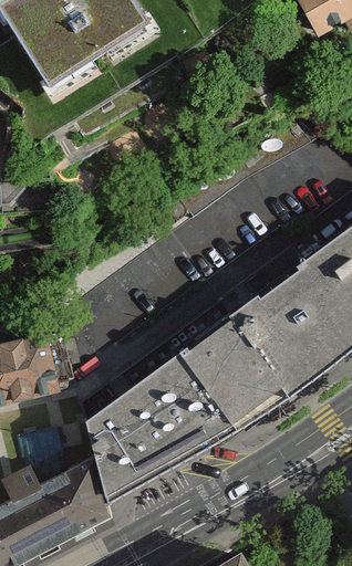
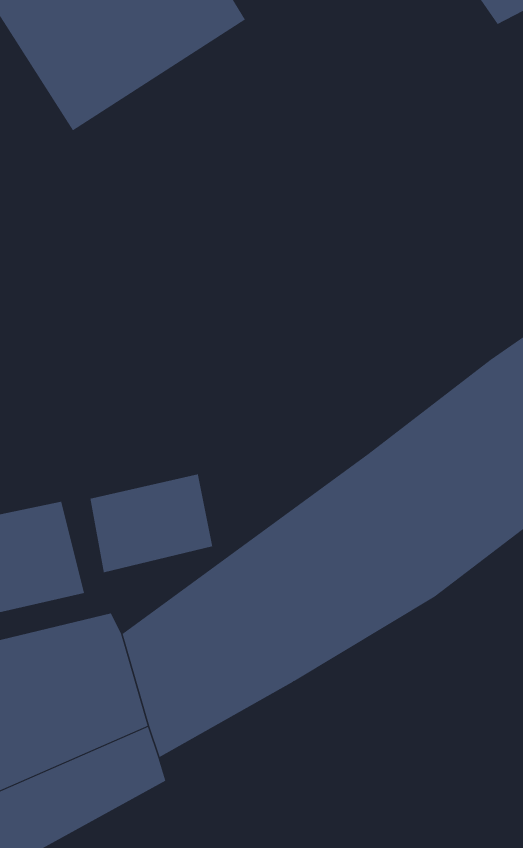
building: none -> [90,473,213,573]

